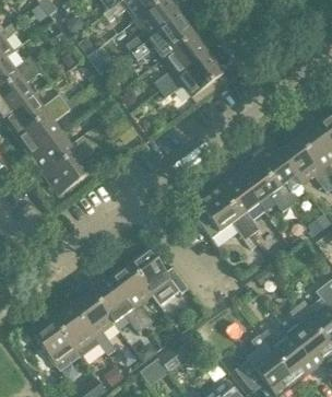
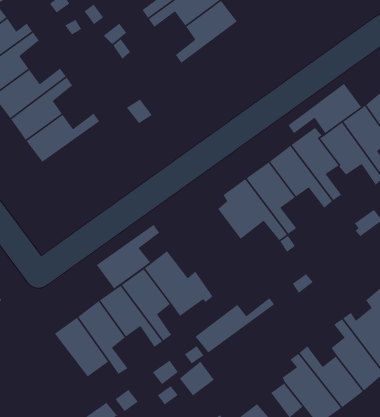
building: [161,54,224,97] -> [287,83,362,134]
building: [43,139,97,195] -> [96,224,160,289]
building: none -> [194,297,275,354]
building: [29,319,81,373] -> none

